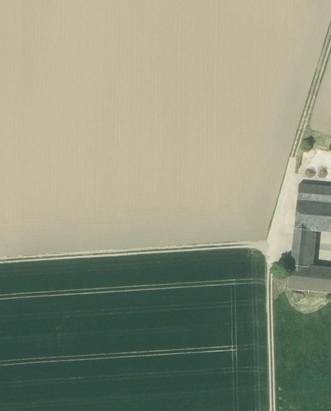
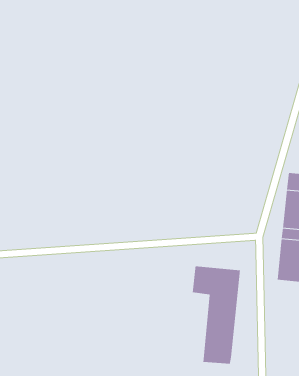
building: none -> [192,265,240,364]

